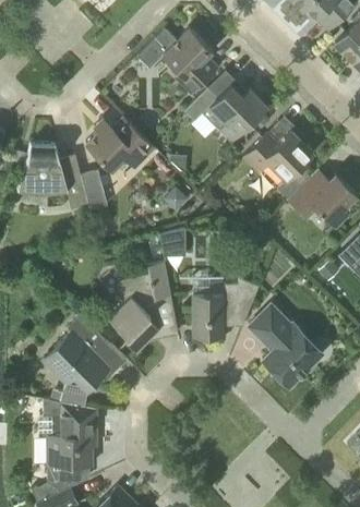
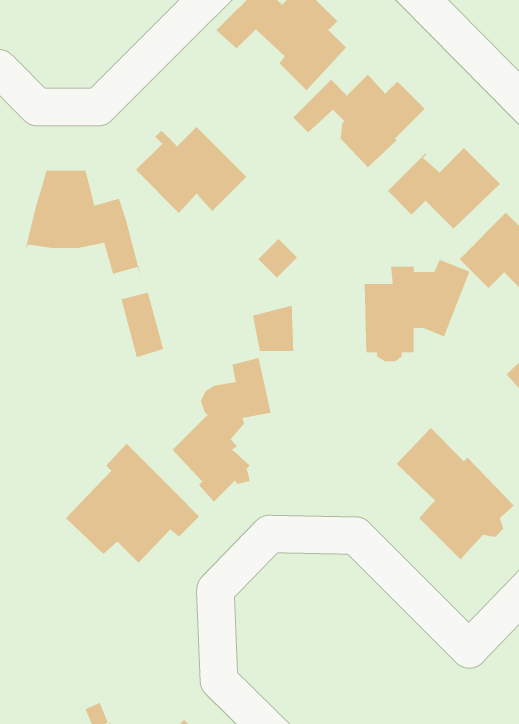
building: [81,169,108,210] -> [121,292,164,358]
building: [192,277,259,341] -> [364,259,471,362]
building: [44,400,97,466] -> none

